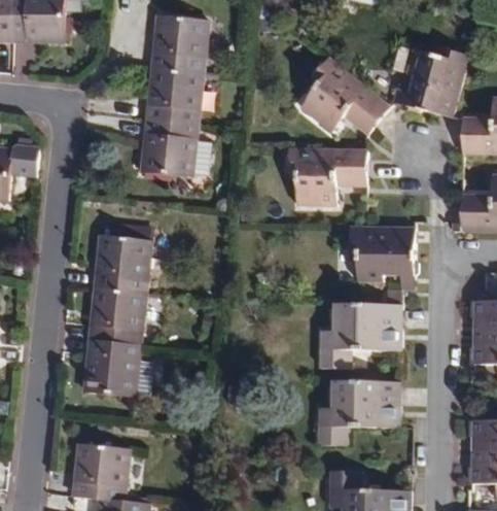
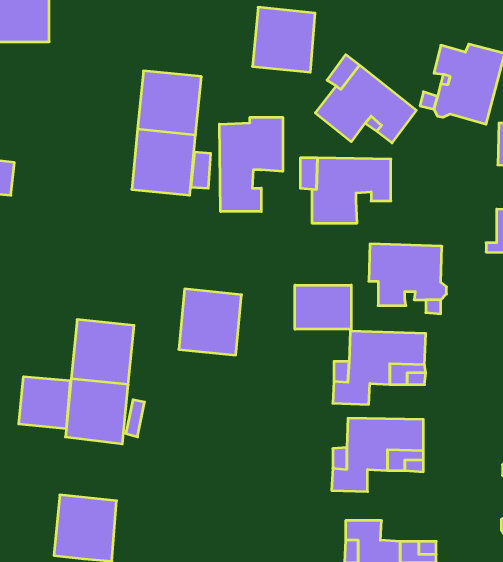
building: [151,18,207,75] -> [252,7,315,72]
building: none -> [219,117,283,212]
building: [93,237,148,296] -> [179,289,242,355]
building: none -> [295,285,351,329]
building: none -> [19,377,70,429]

